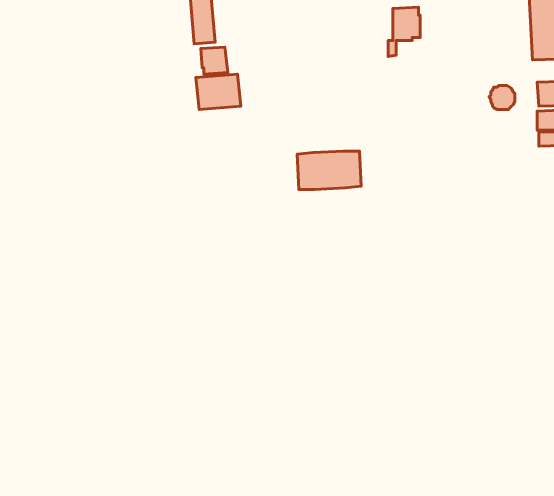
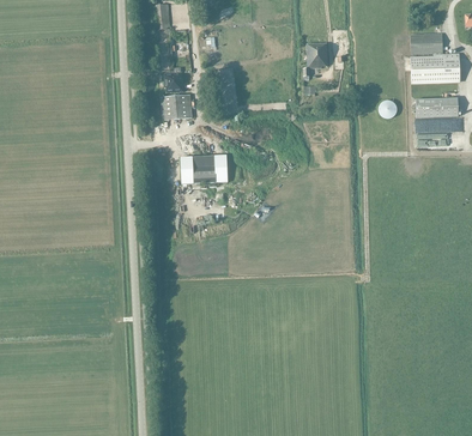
building: [297,151,361,189] -> [181,155,229,183]

